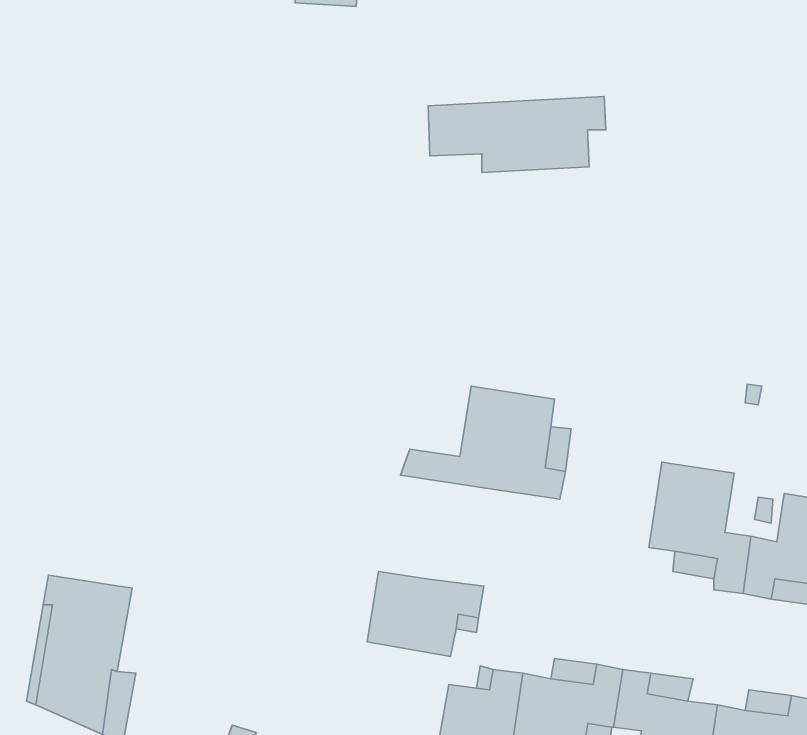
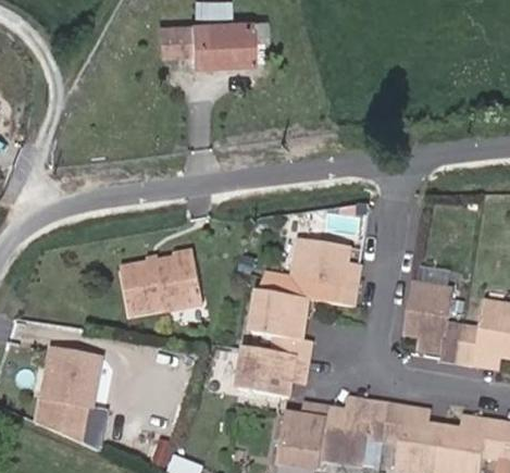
building: [428,96,606,172] -> [159,20,263,64]
building: none -> [120,253,202,313]
building: none -> [251,290,309,356]

